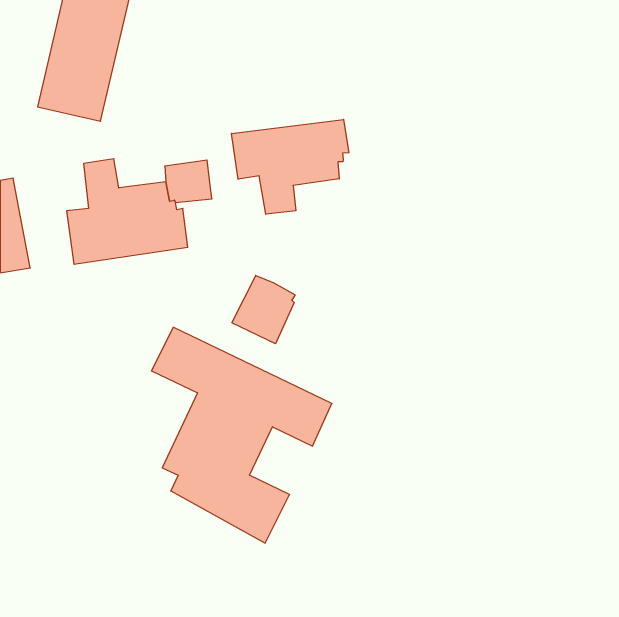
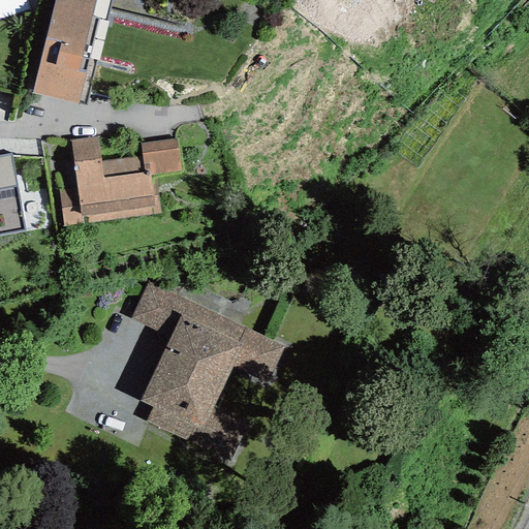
building: [232,119,349,214] -> none
building: [232,275,295,344] -> none

